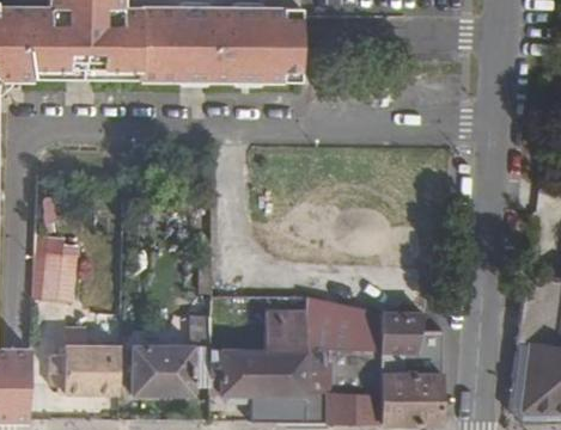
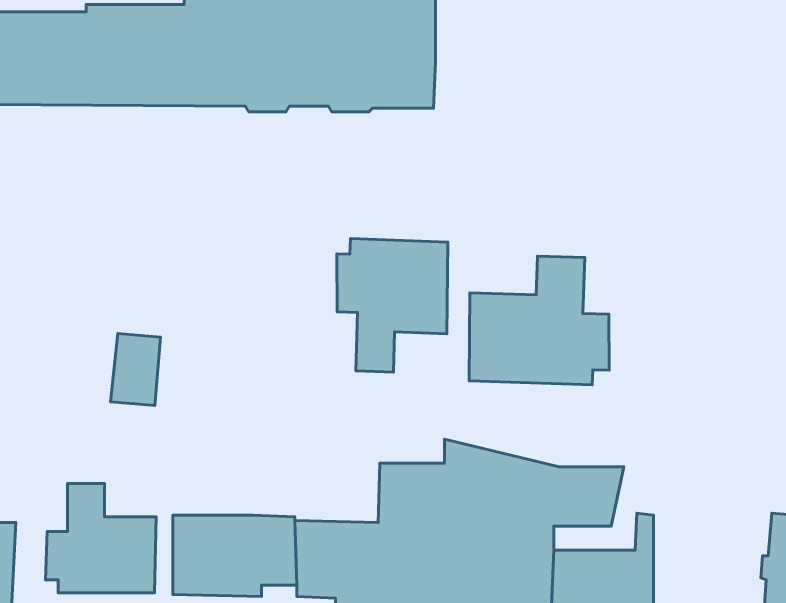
building: none -> [337,239,448,372]
building: none -> [469,256,609,385]
building: [43,254,75,301] -> [111,333,160,405]

